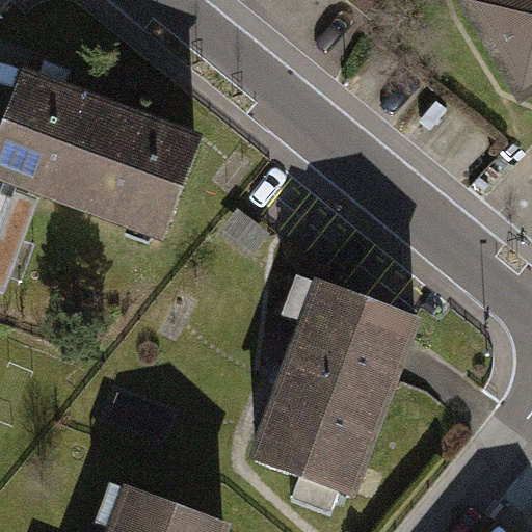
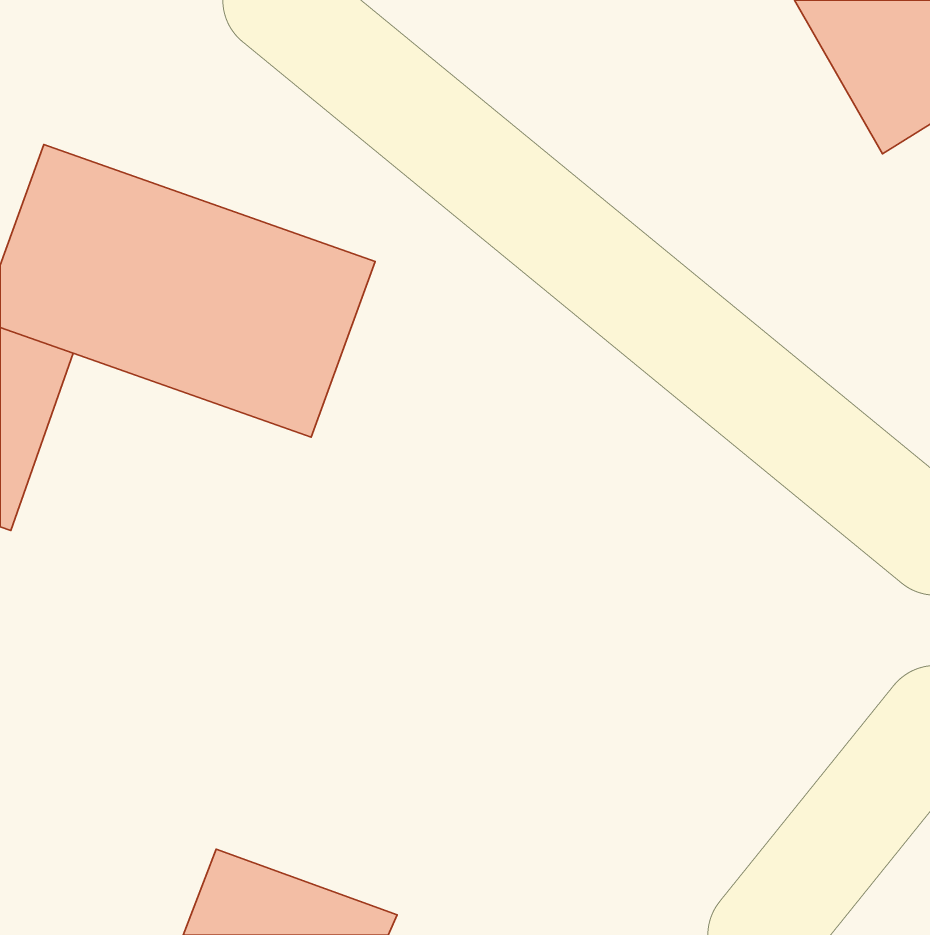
building: [247,268,416,479] -> none

